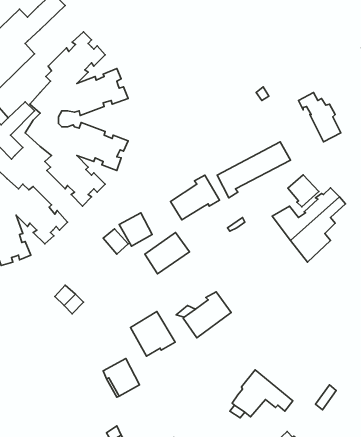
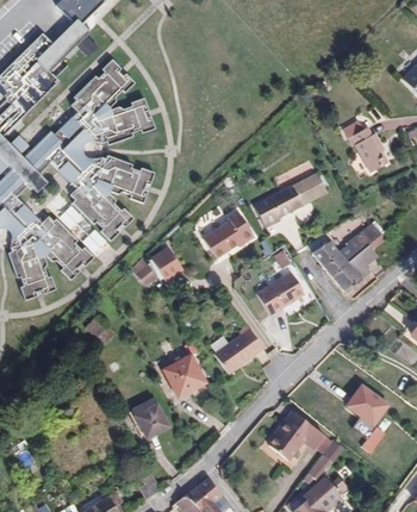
building: [288,175,319,207] -> none
building: [145,232,189,274] -> [254,275,300,318]
building: none -> [344,382,386,423]

